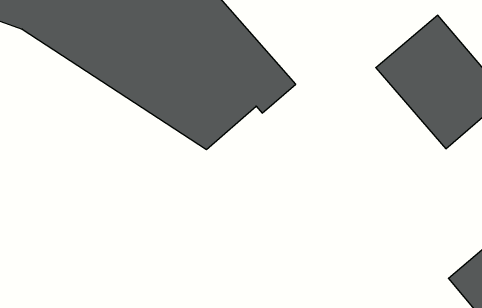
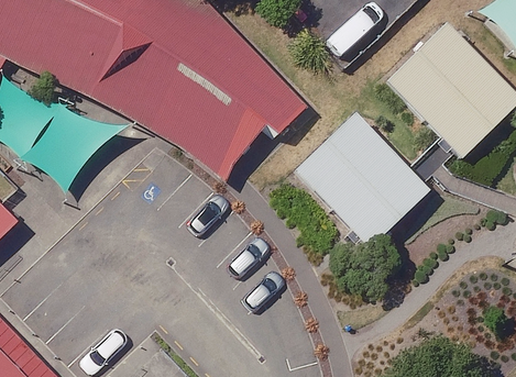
building: none -> [296,111,430,245]

